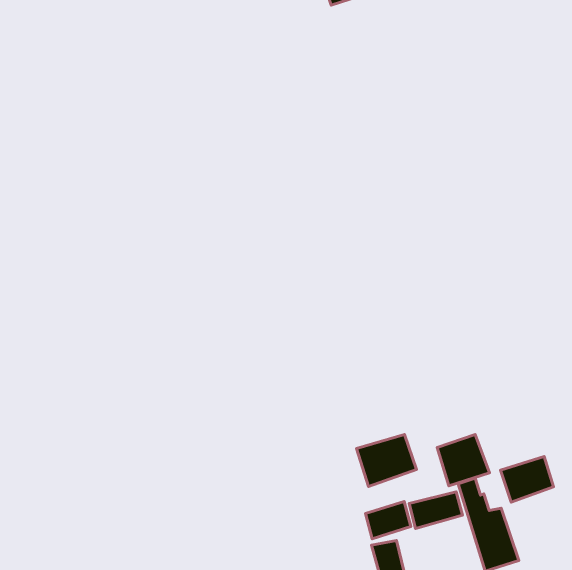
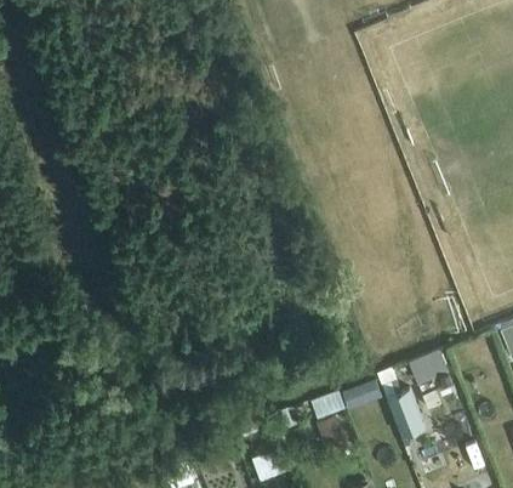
building: [357,434,417,486] -> none
building: [437,435,489,486] -> none

